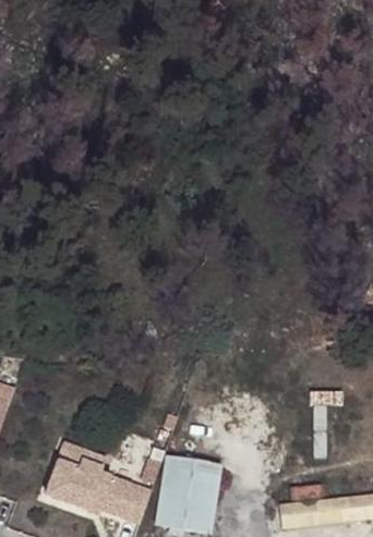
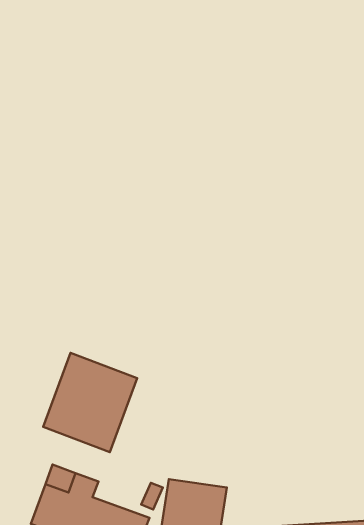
building: none -> [43,353,137,452]

